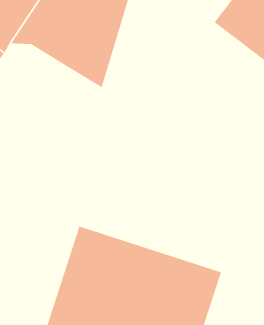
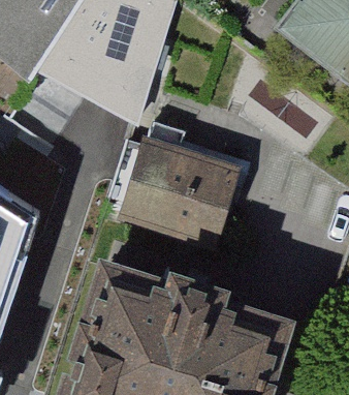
building: none -> [127,125,242,224]

